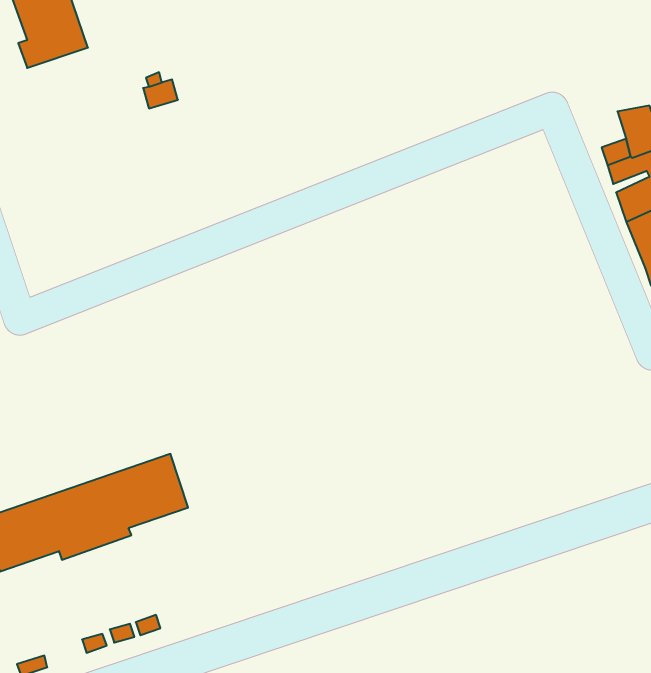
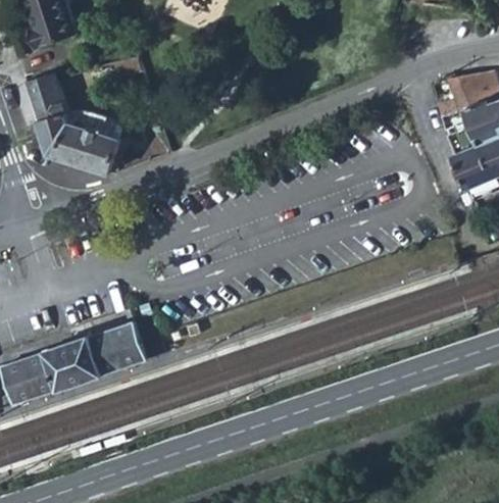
building: none -> [22,74,120,175]

